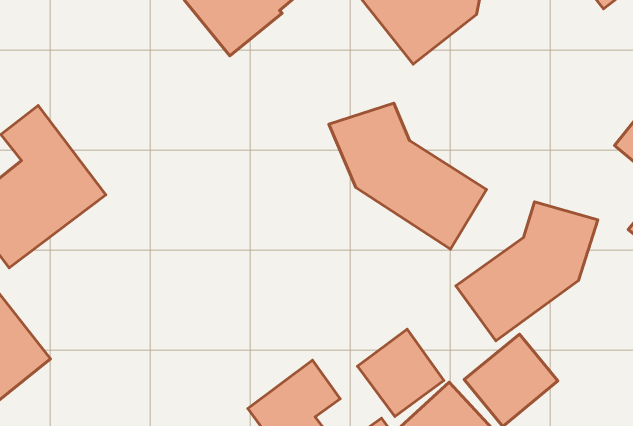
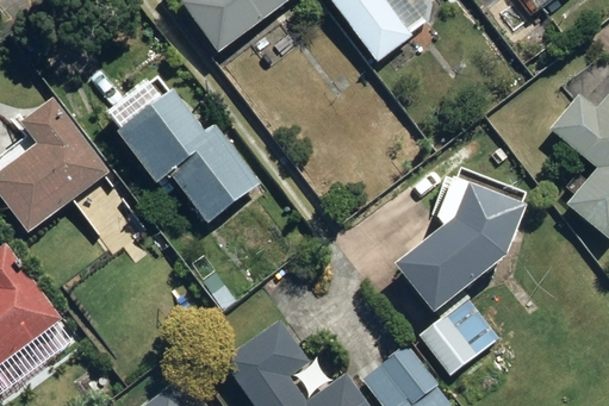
building: none -> [106,77,260,224]
building: [329,103,487,249] -> none
building: [358,329,444,416] -> none

